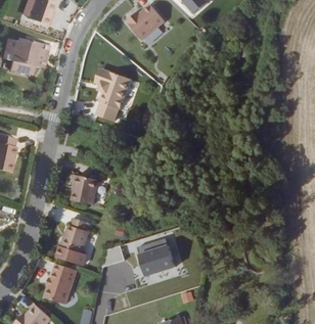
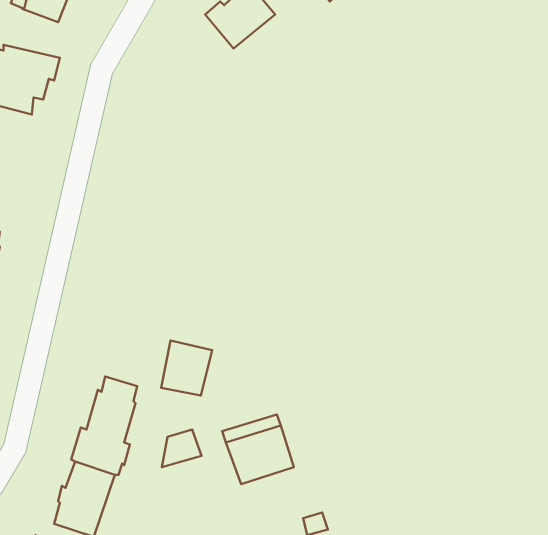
building: [95,68,130,122] -> none
building: [71,175,98,204] -> [161,341,212,395]

